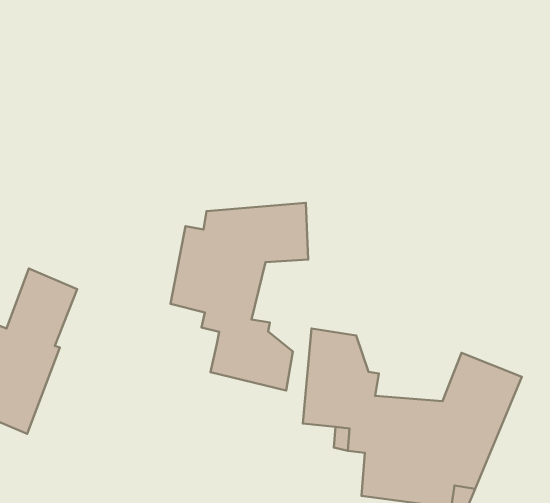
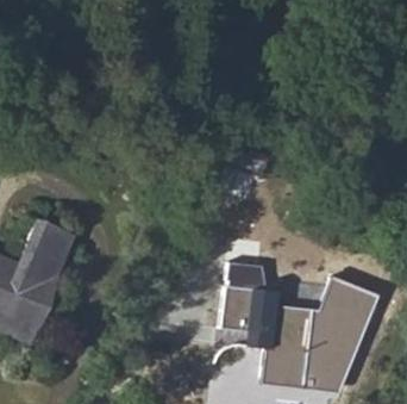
building: [171,203,308,390] -> none

